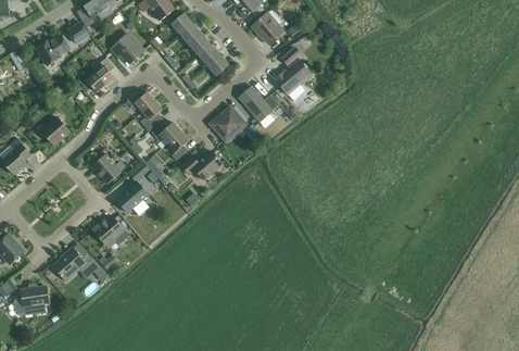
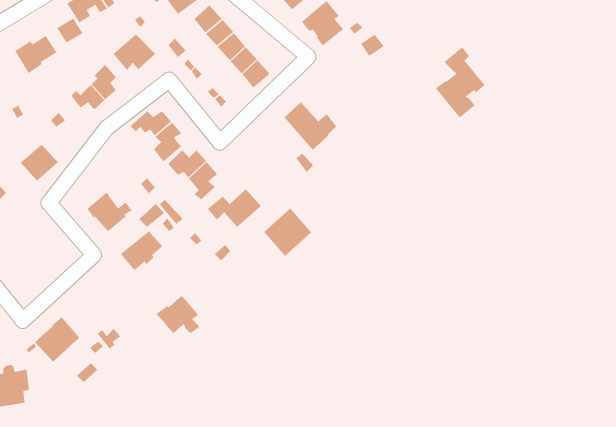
building: [275,47,313,101] -> [435,46,486,119]
building: [210,105,246,142] -> [263,208,312,257]
building: [92,215,126,245] -> [156,295,201,334]

